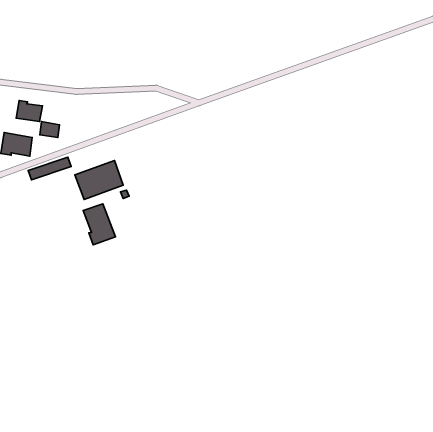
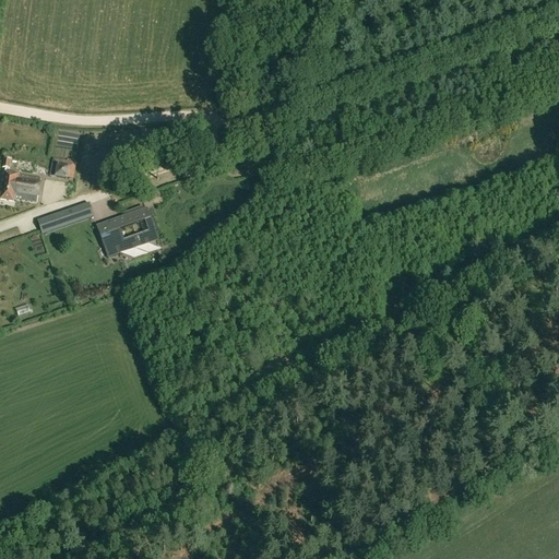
building: [16,100,42,121] -> none
building: [83,204,116,245] -> none

